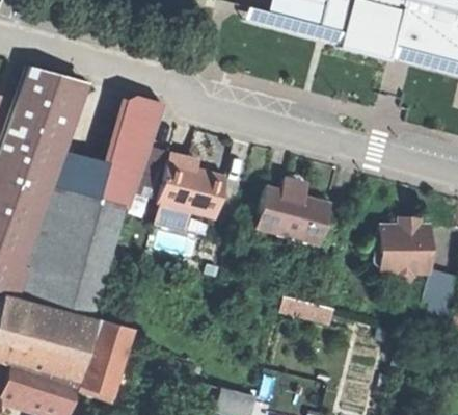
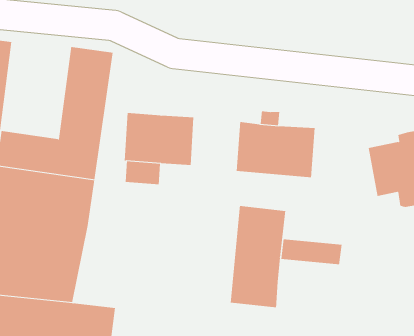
building: none -> [230,205,286,308]

